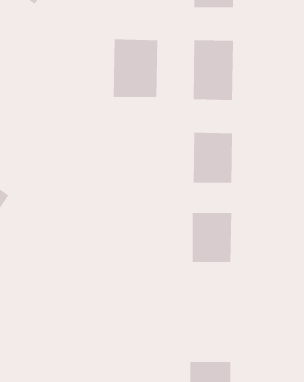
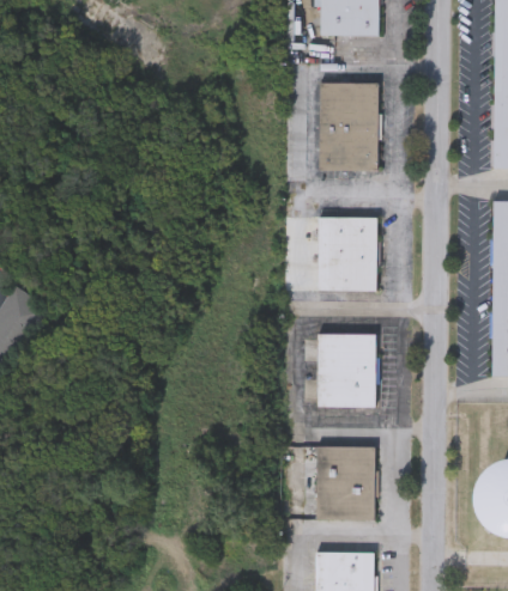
building: [113,39,158,98] -> none
building: none -> [316,446,375,520]

